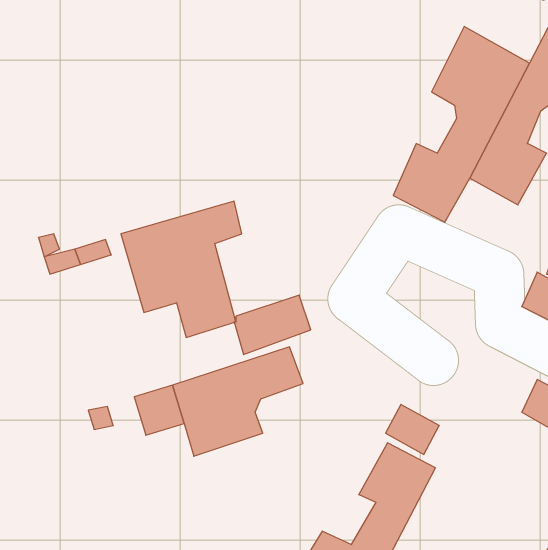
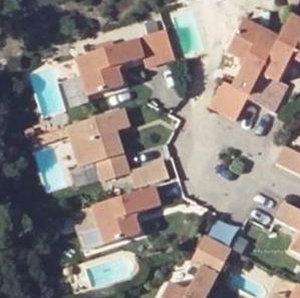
building: none -> [77,26,176,94]

